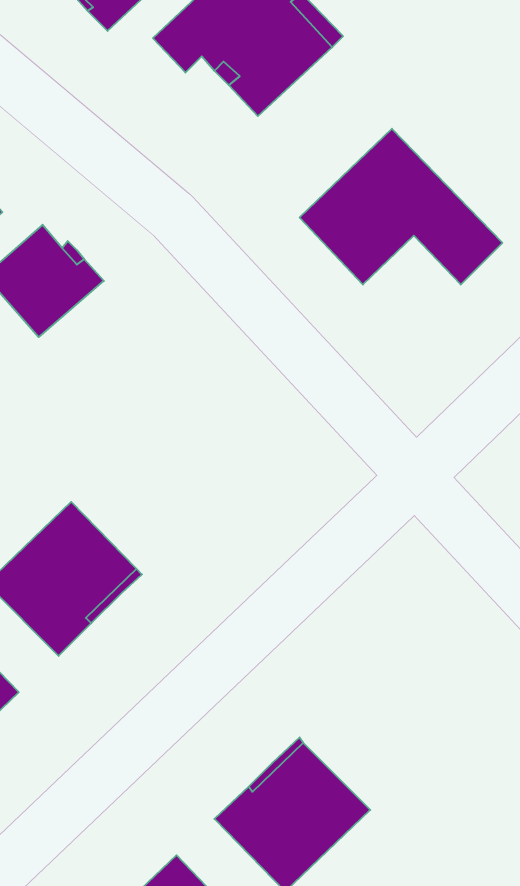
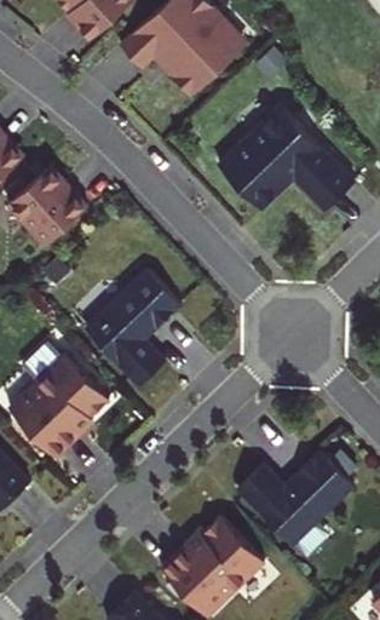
building: none -> [84,269,179,385]
building: none -> [236,450,352,545]

